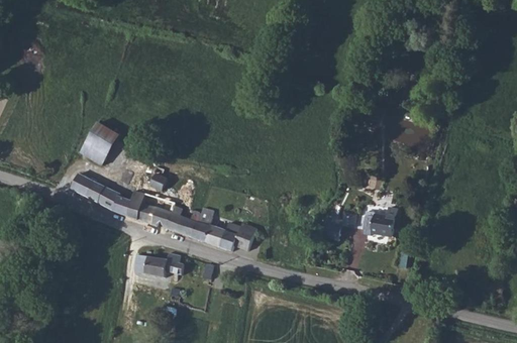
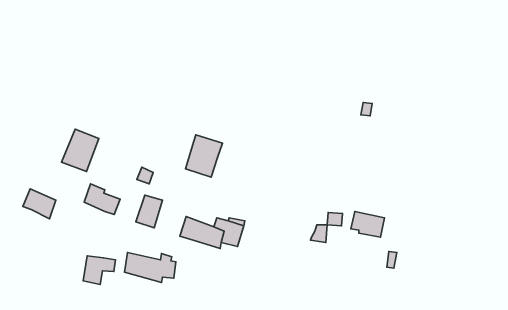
building: [71,174,103,203] -> [23,189,56,219]
building: [126,189,157,222] -> none
building: [166,195,202,236] -> [186,135,223,177]
building: none -> [83,256,115,285]

